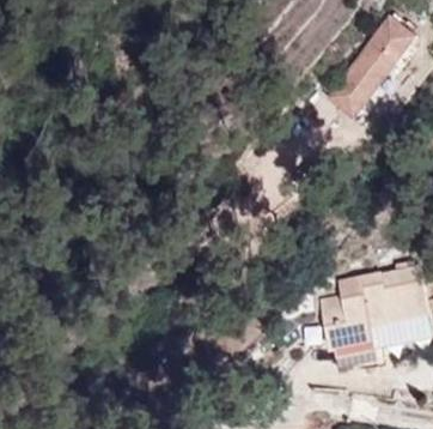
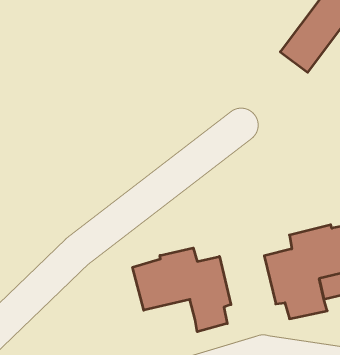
building: none -> [133,248,231,332]

